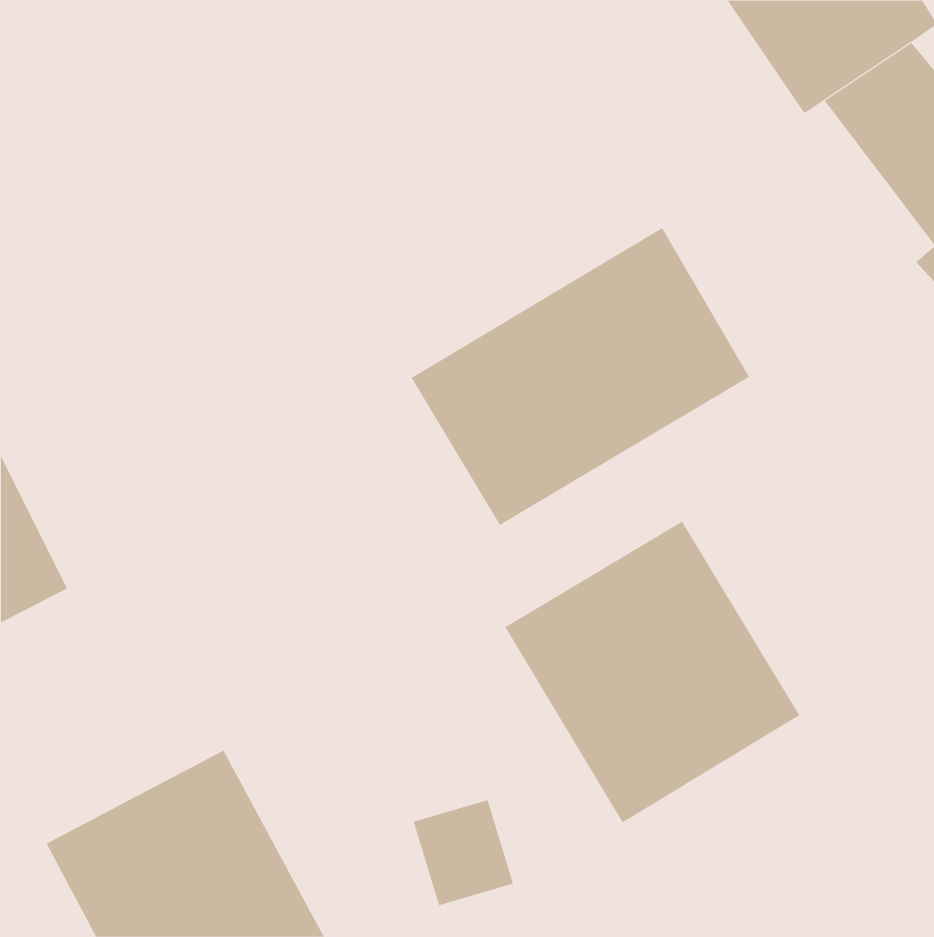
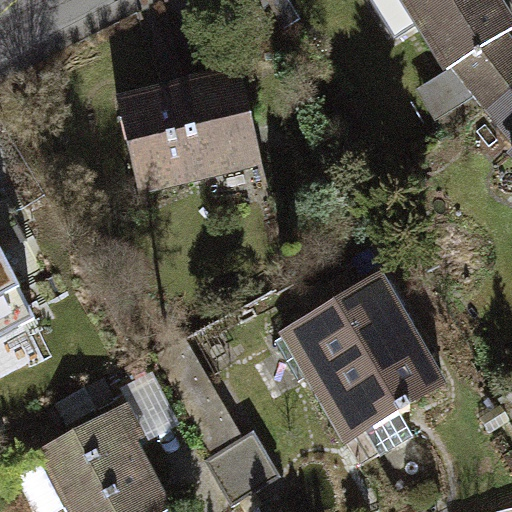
building: none -> [113,58,261,187]
building: [411,227,750,526] -> none

